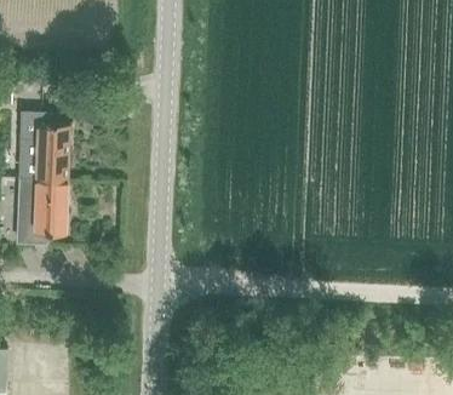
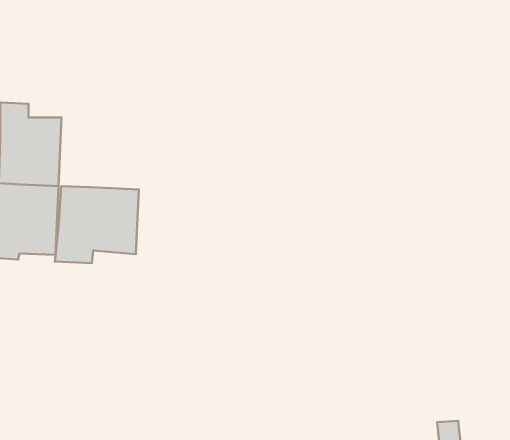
building: none -> [55,186,139,263]

